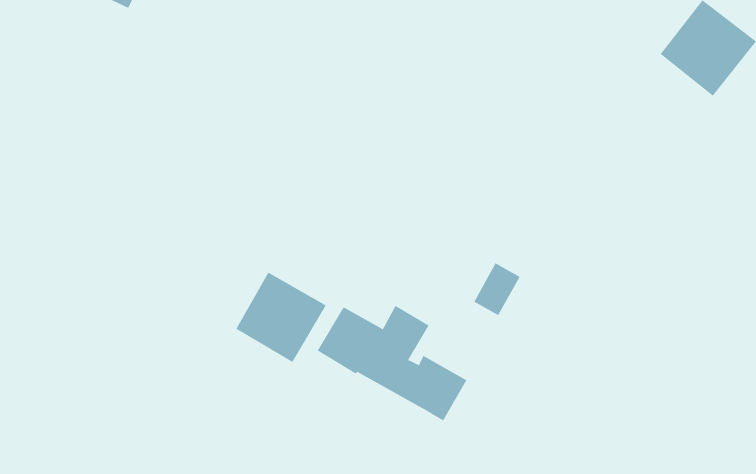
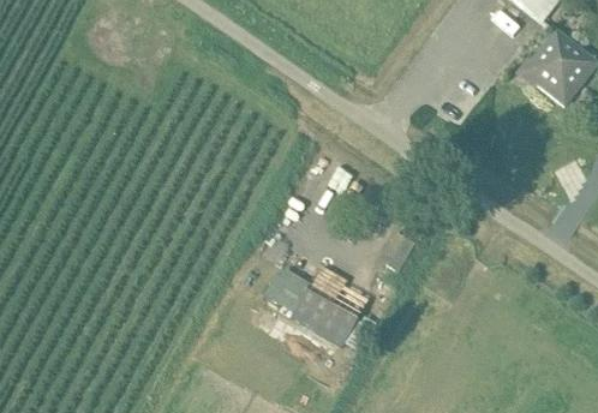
building: [235,272,327,363] -> none

